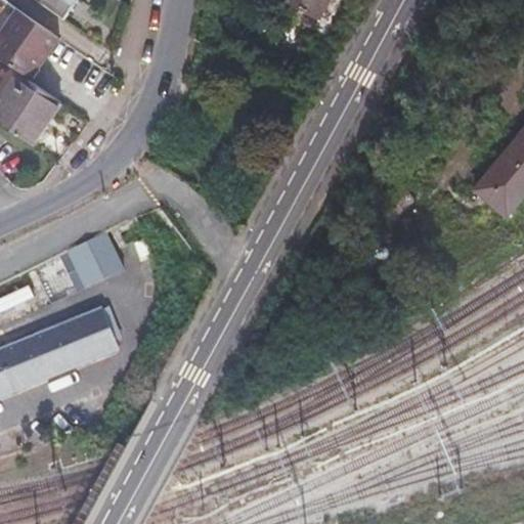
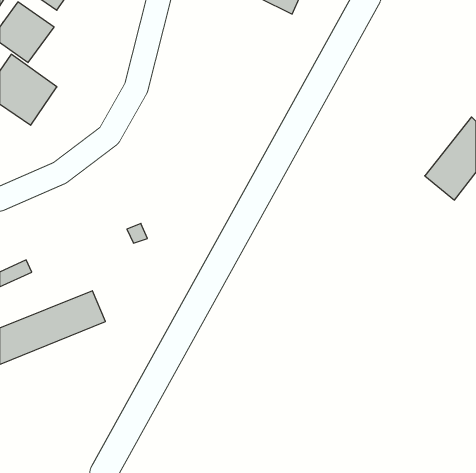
building: [75,237,130,292] -> none

